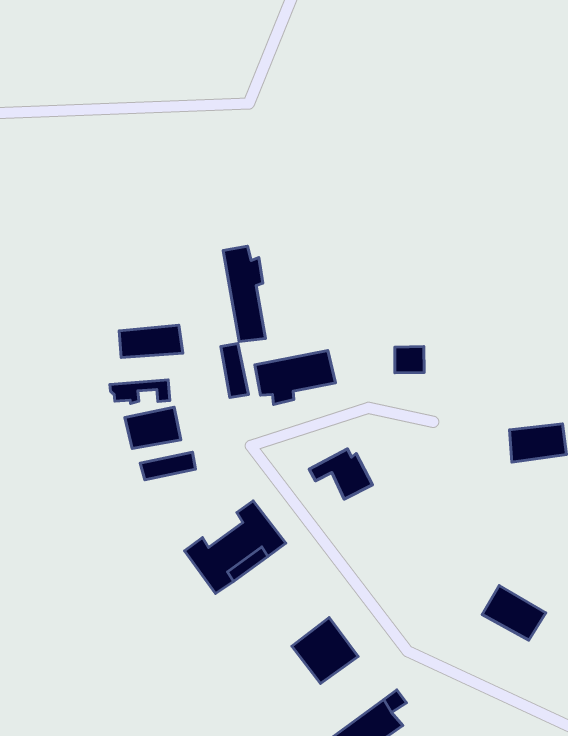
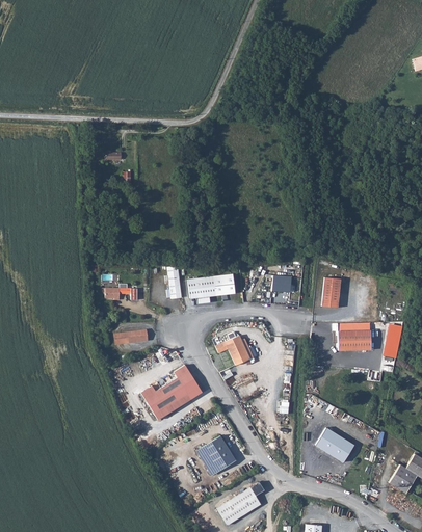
building: [223,246,265,341] -> none
building: [119,325,183,357] -> none
building: none -> [322,278,340,308]
building: [125,407,181,449] -> none

